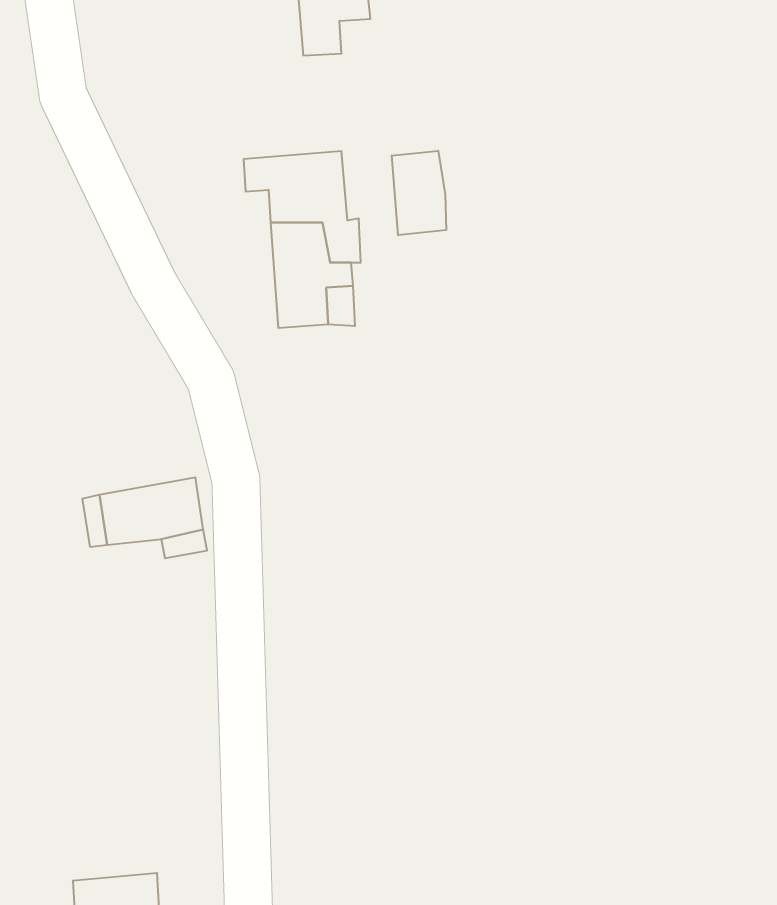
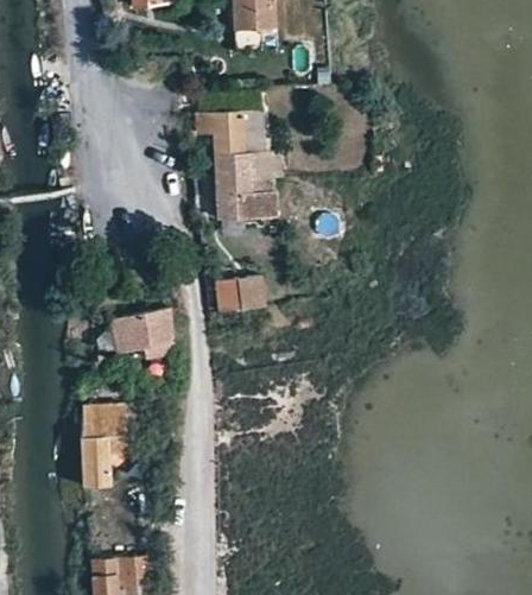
building: [392,151,446,235] -> none
building: none -> [218,276,264,312]
building: none -> [81,403,125,486]

